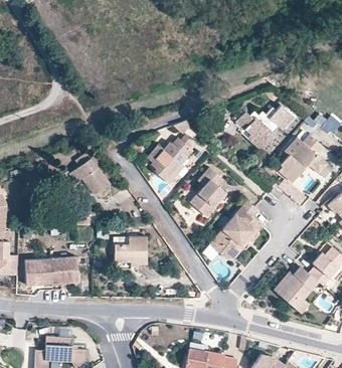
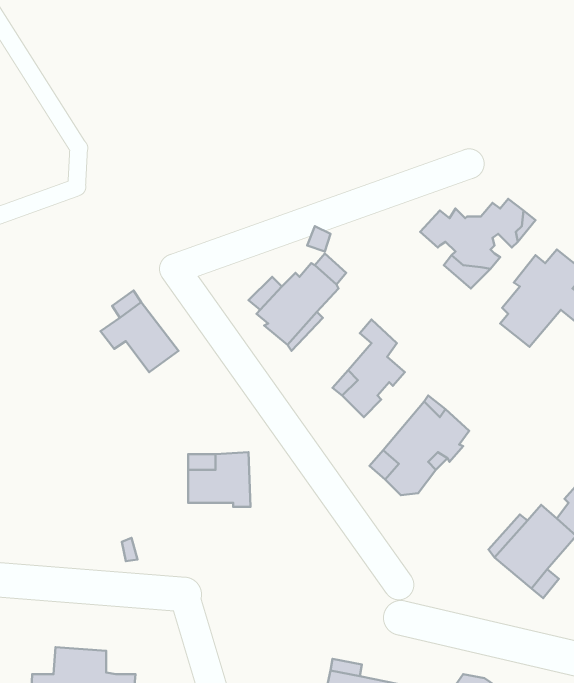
building: [26,257,81,286] -> none

